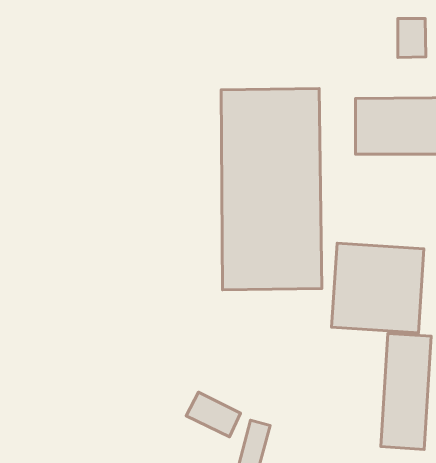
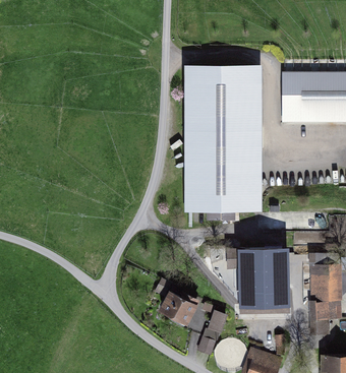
building: [398,18,426,58] -> none
building: [332,243,424,333] -> [226,249,293,314]

